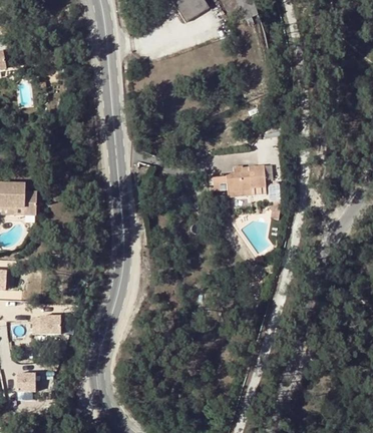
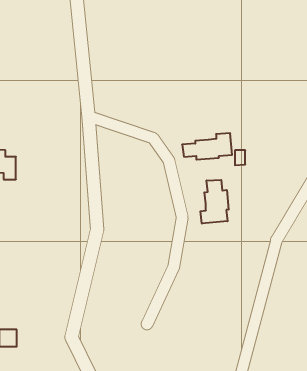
building: none -> [200,180,229,224]
building: [31,316,60,335] -> none

